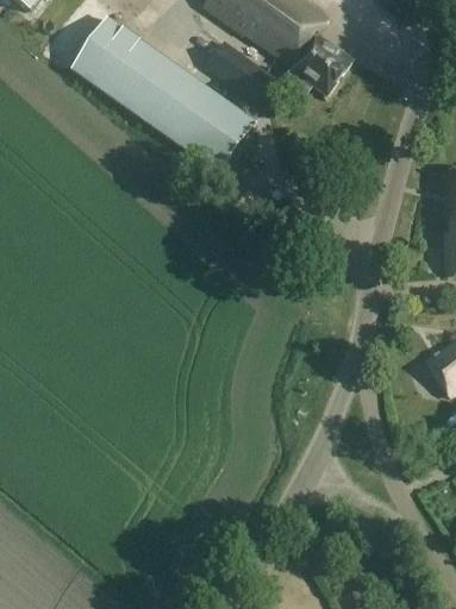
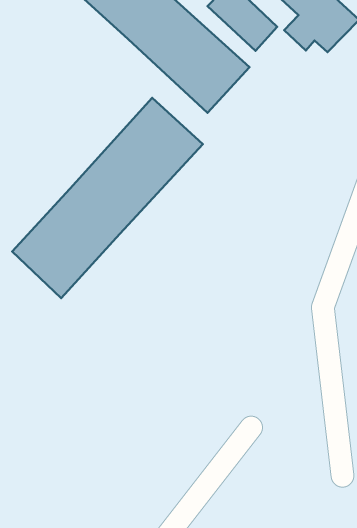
building: none -> [12,98,203,298]

